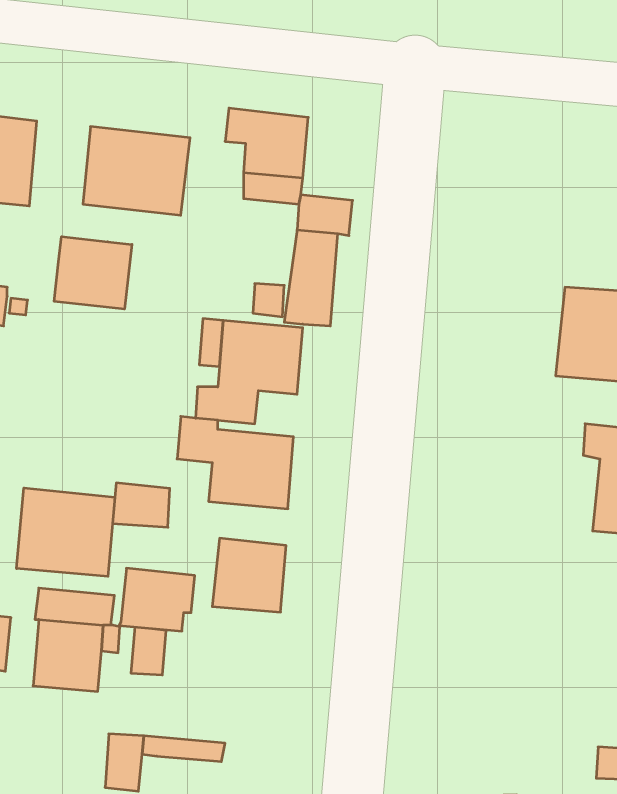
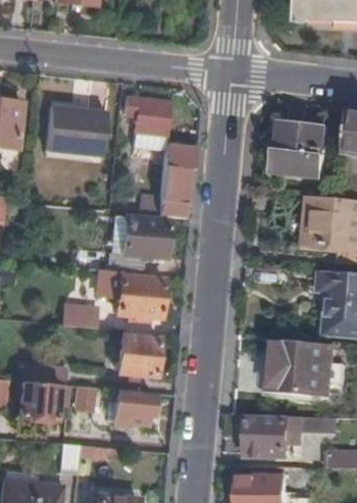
building: none -> [275,122,329,179]
building: [54,237,132,309] -> none
building: [17,488,115,576] -> none
building: none -> [273,341,335,396]
building: [119,568,195,631] -> [110,390,152,424]
building: none -> [249,414,337,457]

